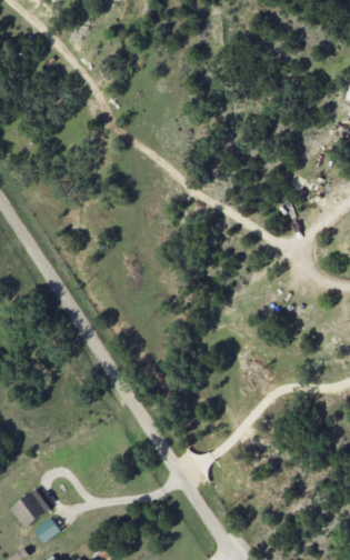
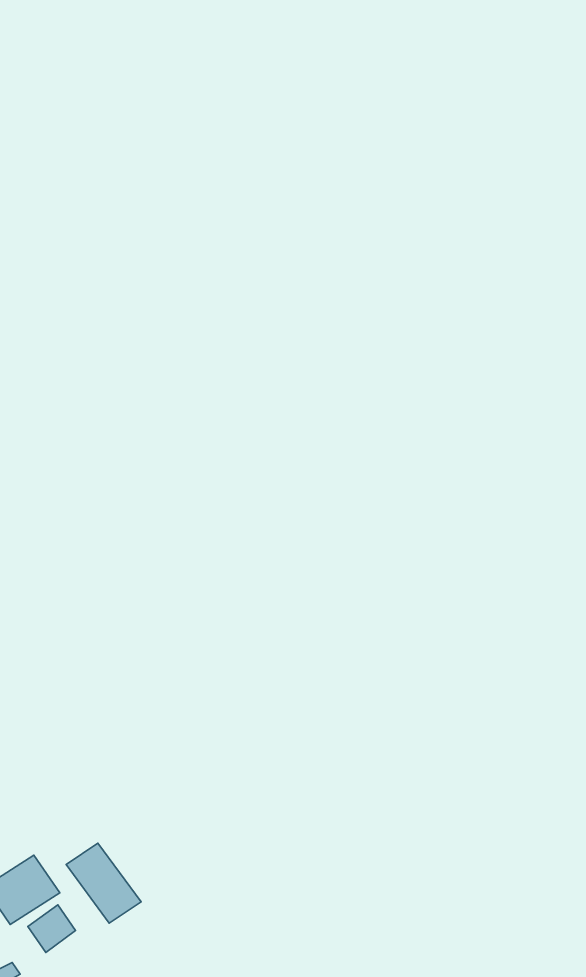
building: none -> [66,843,141,923]

